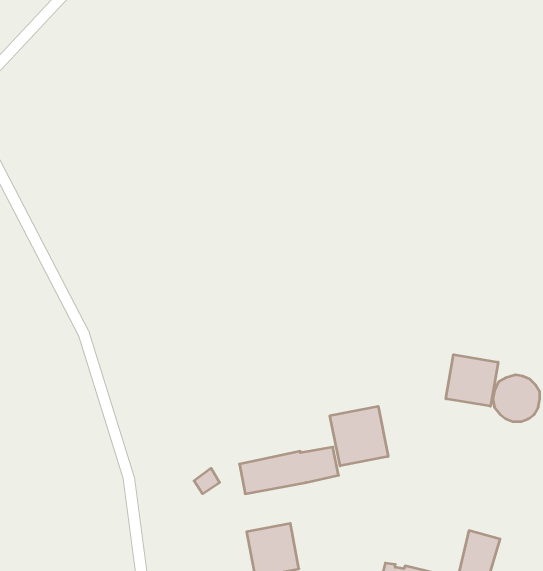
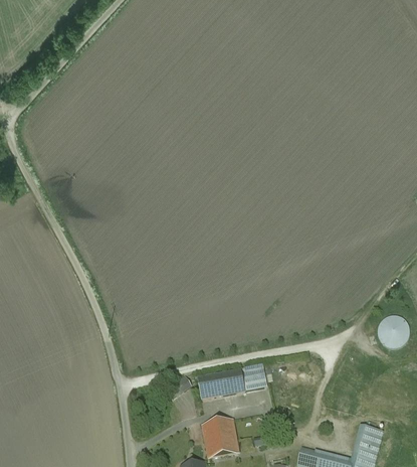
building: [446,355,498,406] -> none
building: [330,406,388,466] -> none

